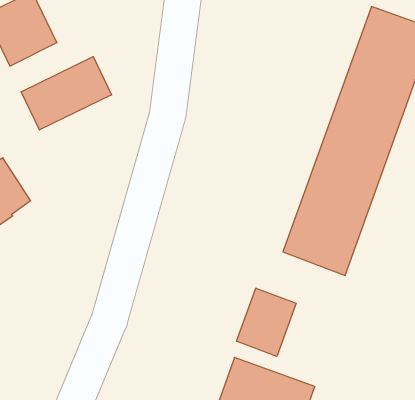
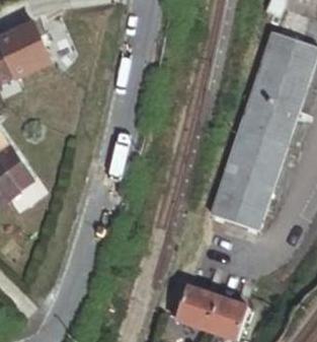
building: [21,57,112,130] -> none
building: [237,288,296,356] -> none

